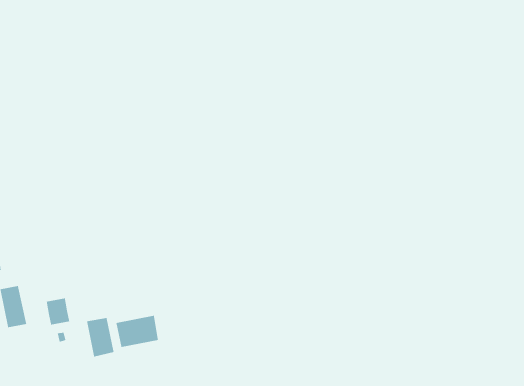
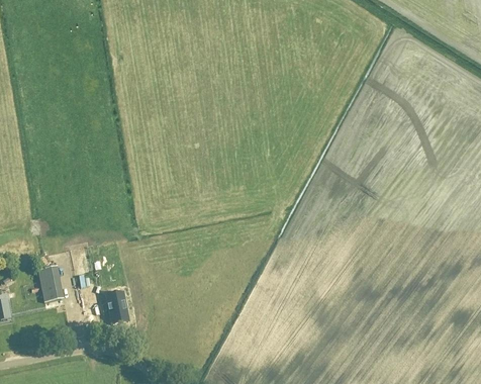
building: [115,315,159,348] -> none

